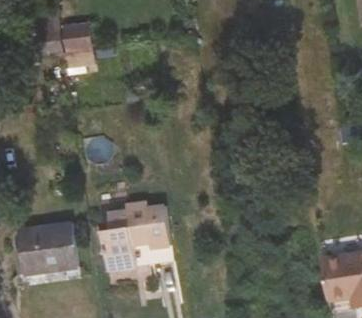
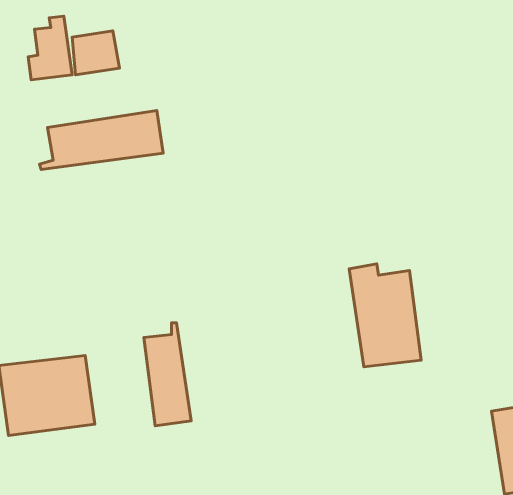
building: none -> [39,111,163,170]
building: [130,200,174,263] -> [349,264,421,367]

